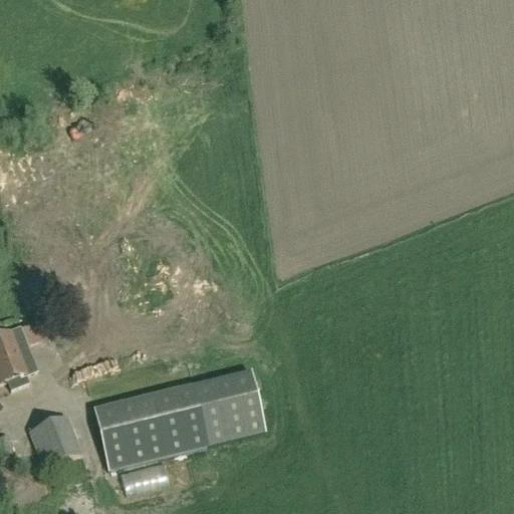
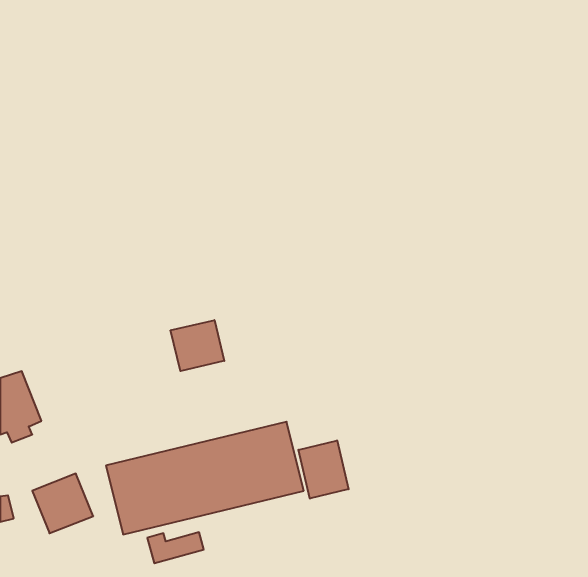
building: none -> [171,320,224,371]
building: none -> [298,440,349,499]

